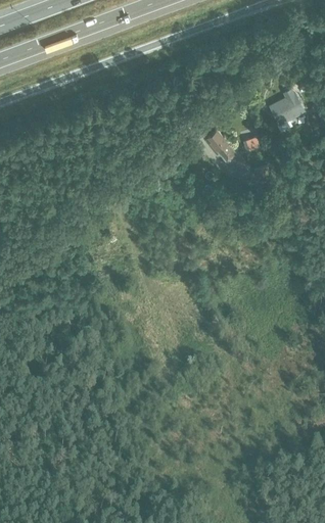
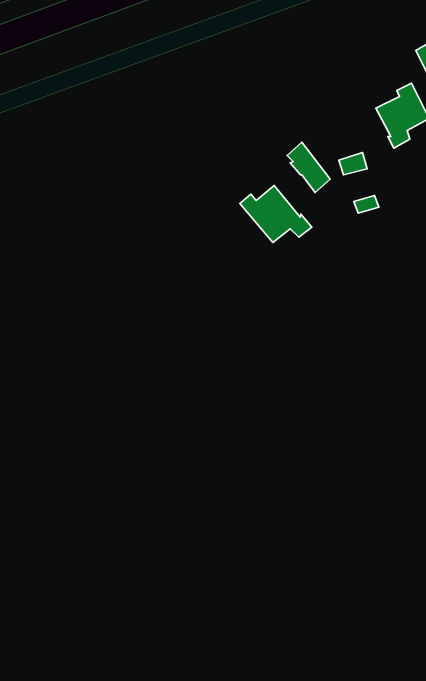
building: none -> [240,185,312,243]

